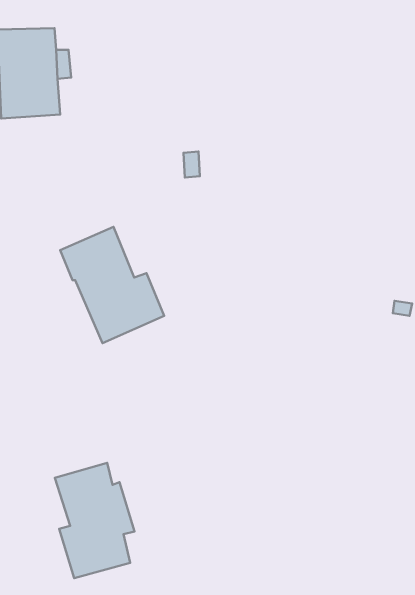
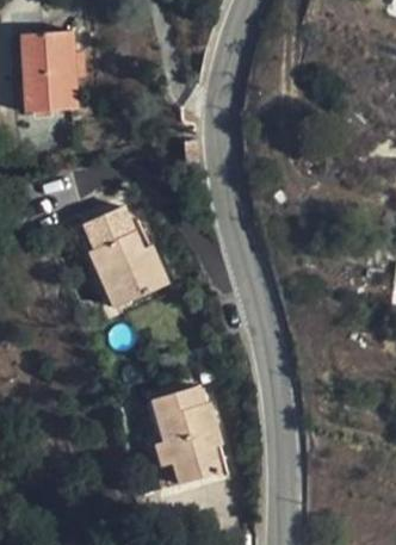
building: [55,463,134,578] -> [151,385,221,485]

